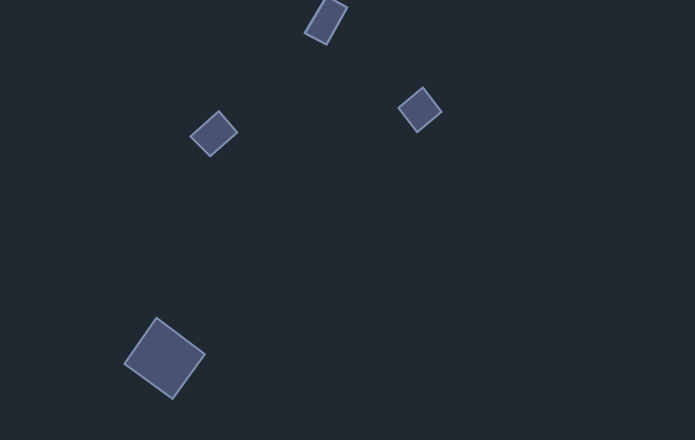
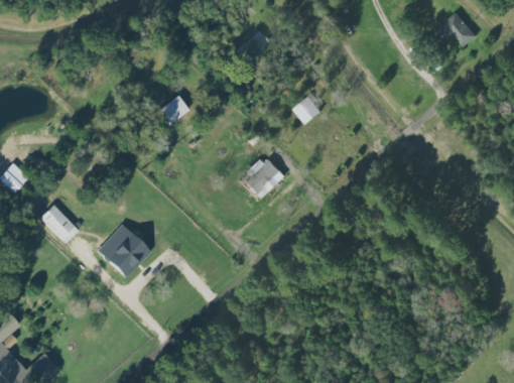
building: none -> [245,154,284,200]
building: none -> [40,204,79,243]

